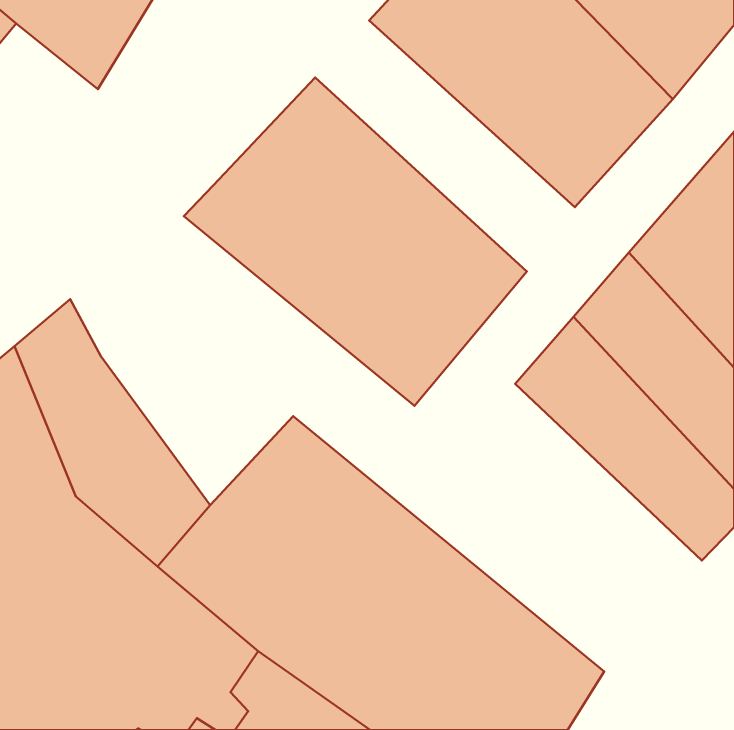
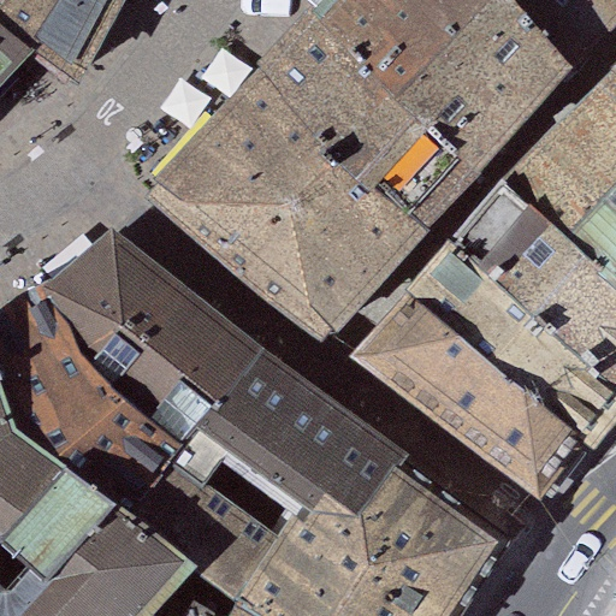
building: none -> [260,17,474,224]
building: none -> [58,212,242,416]
building: none -> [378,316,579,500]

